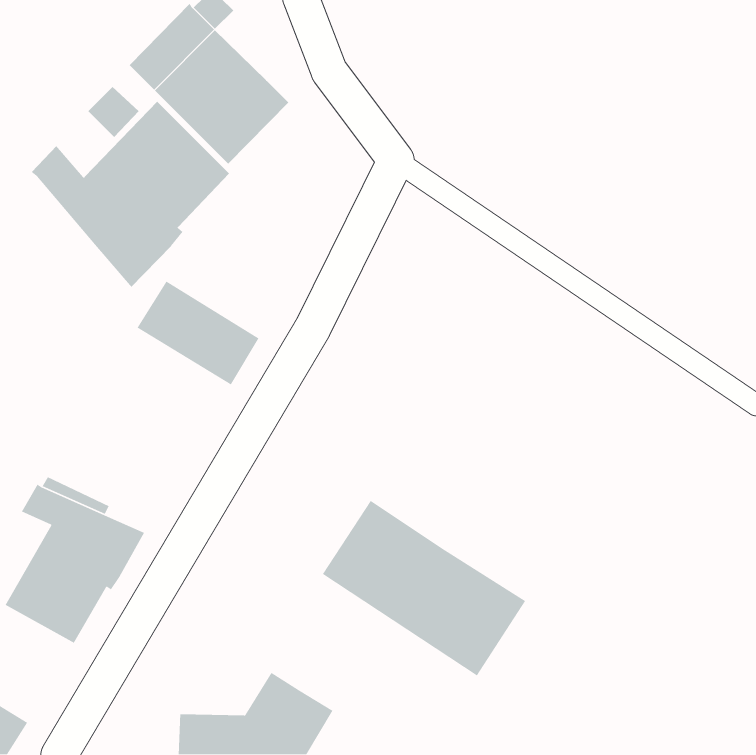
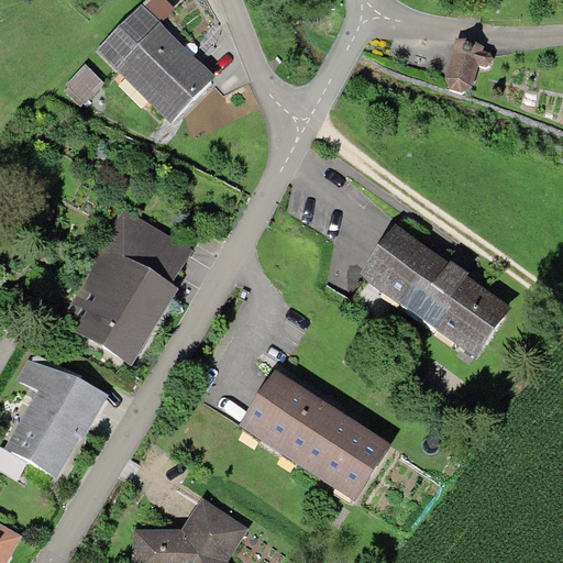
building: none -> [444,37,492,92]
building: [31,101,230,288] -> none
building: none -> [358,224,511,357]
building: none -> [58,243,177,366]

